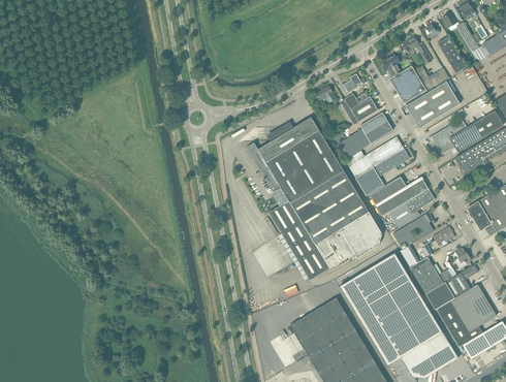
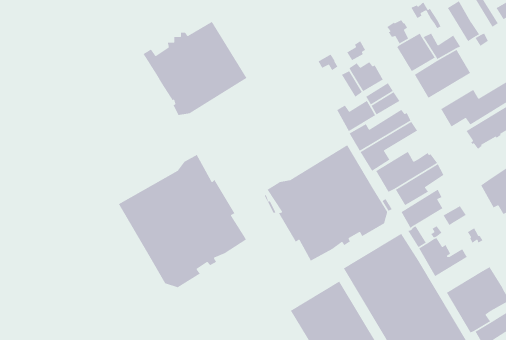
building: [246,117,344,205] -> [142,21,248,116]
building: none -> [118,154,247,288]
building: [425,264,478,310] -> none

